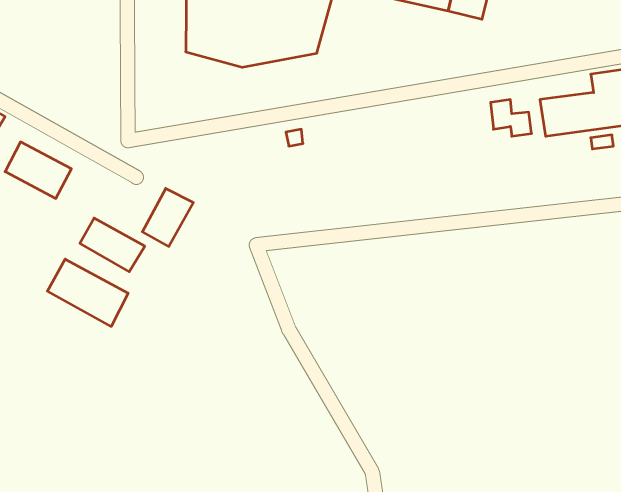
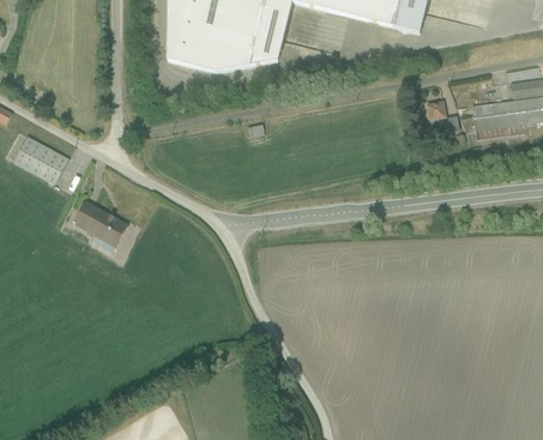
building: [142,188,193,246] -> none
building: [47,259,128,326] -> none

